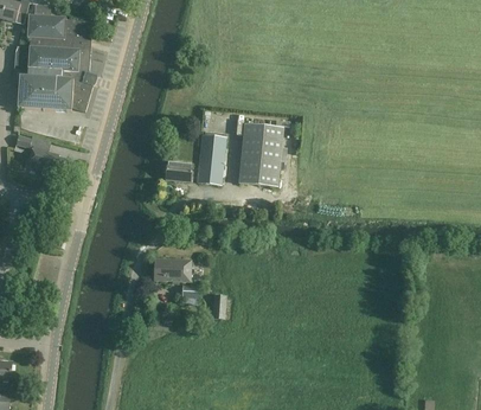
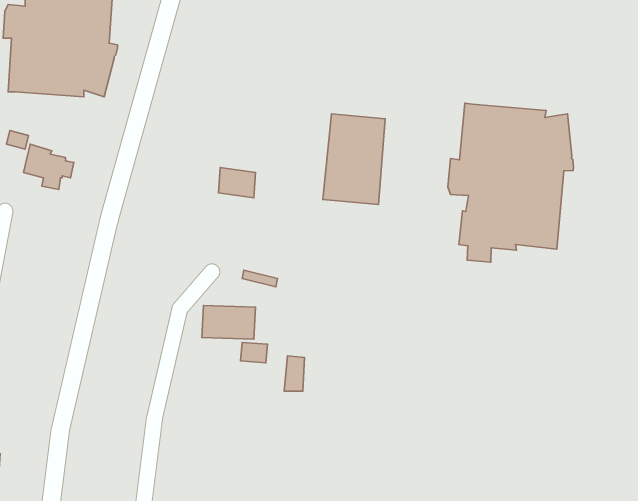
building: none -> [448,103,574,262]
building: [195,134,225,184] -> none

